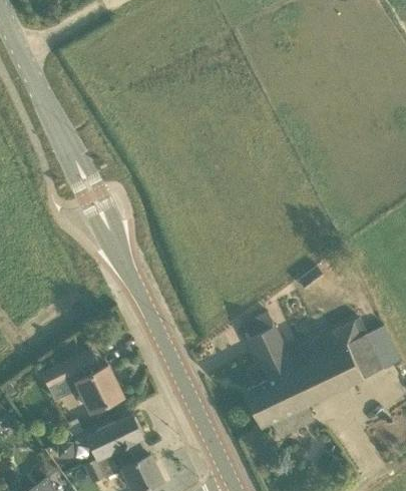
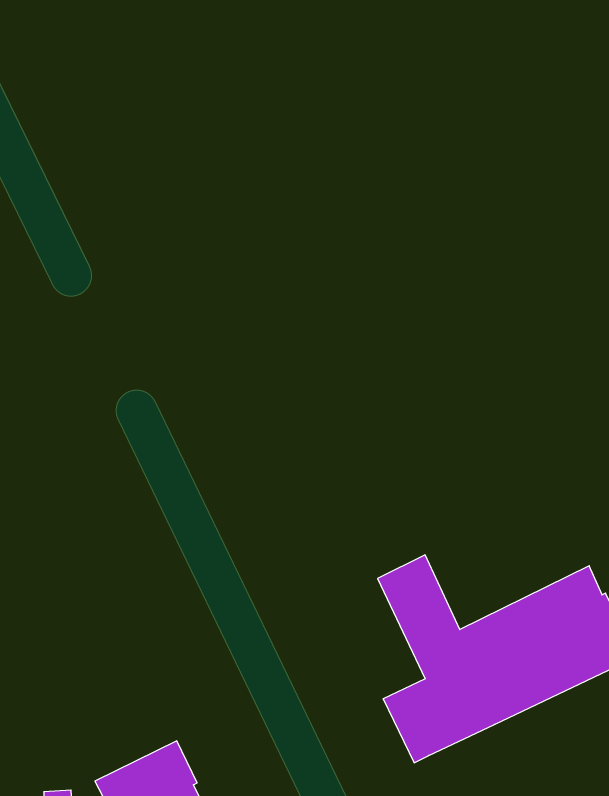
building: [43,352,124,414] -> none

